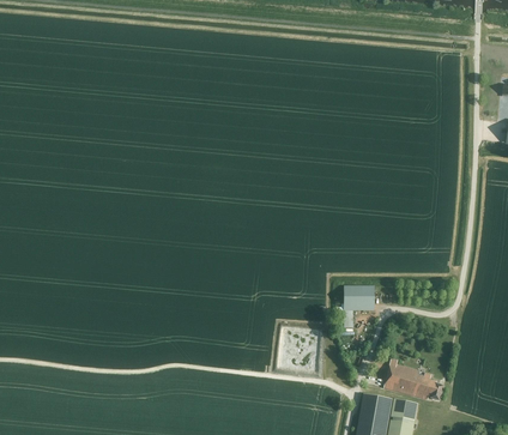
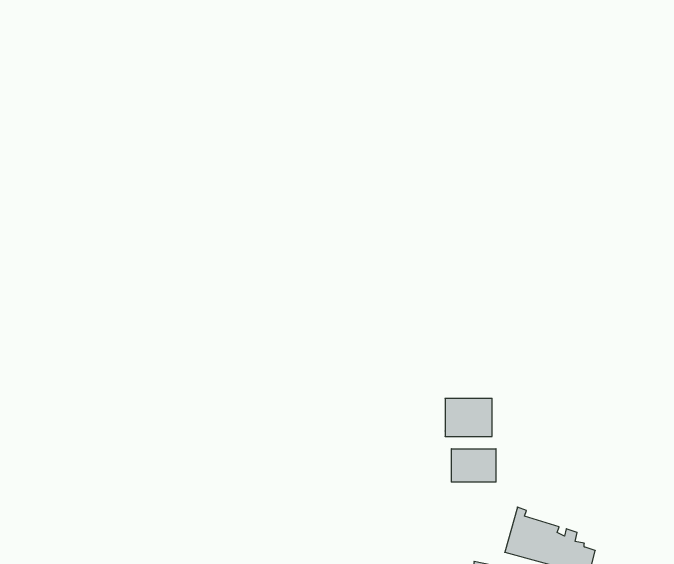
building: none -> [451,449,496,482]

